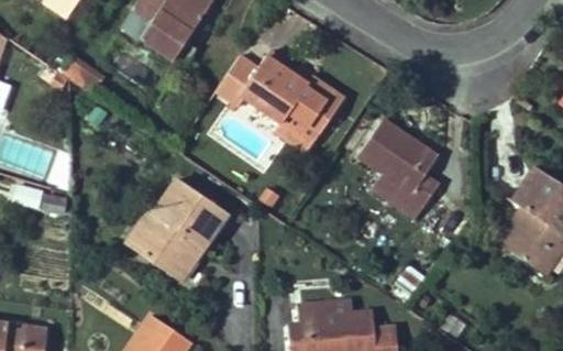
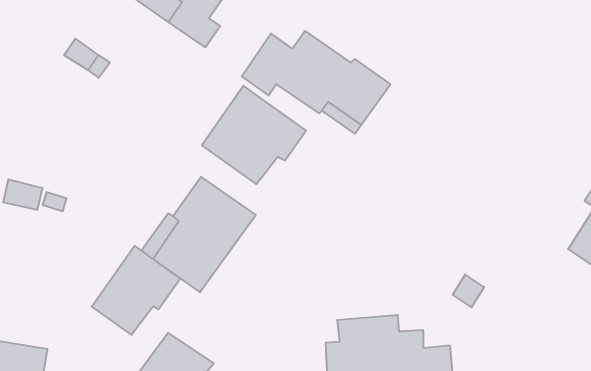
building: none -> [202,86,306,184]
building: [358,120,440,211] -> none
building: none -> [92,246,180,335]

